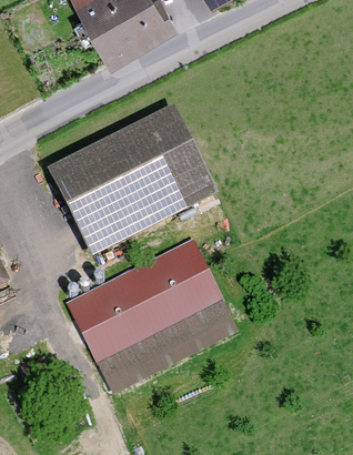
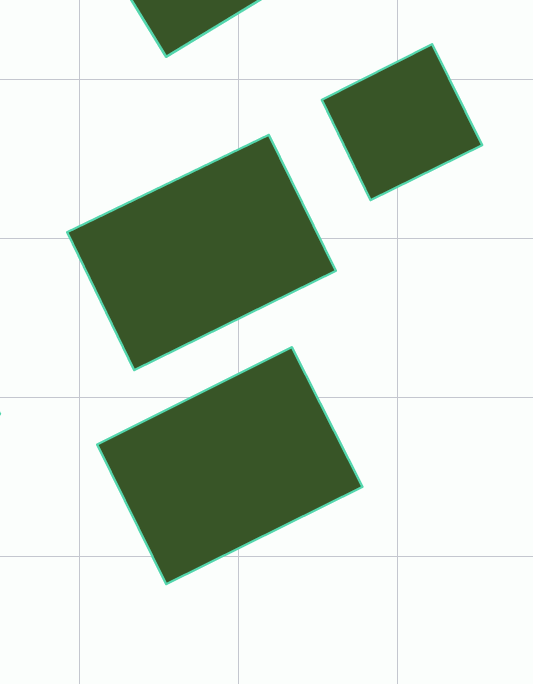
building: none -> [322,44,482,200]

